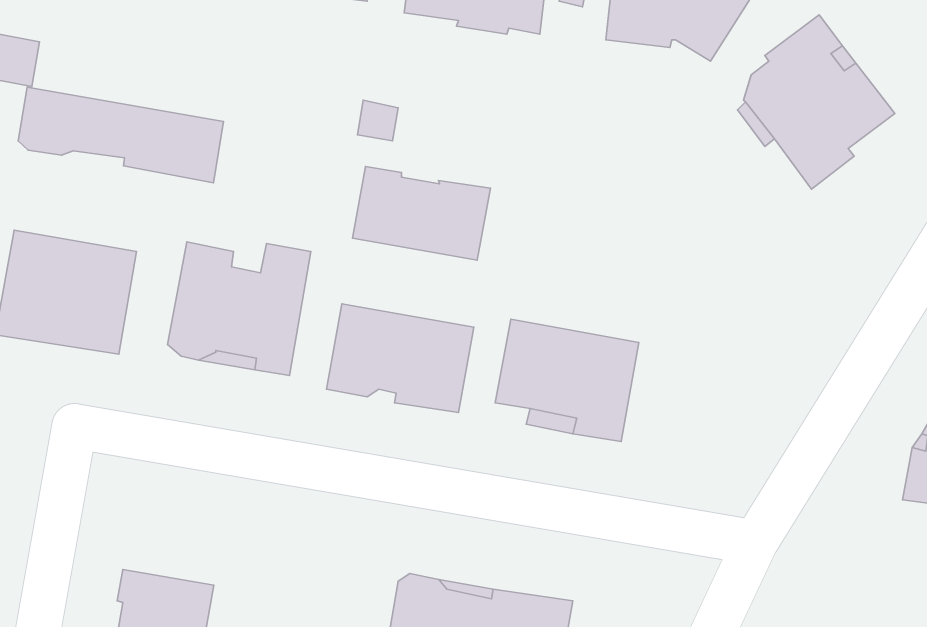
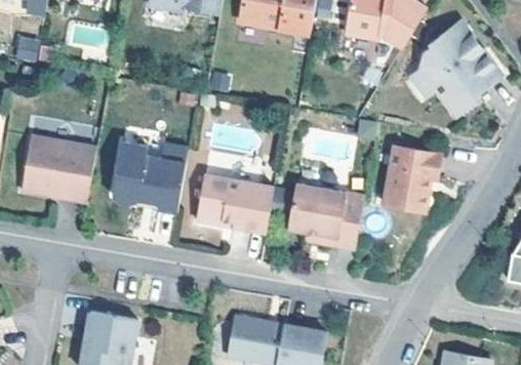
building: [18,87,223,183] -> none
building: [352,166,490,260] -> none
building: none -> [382,146,438,211]

